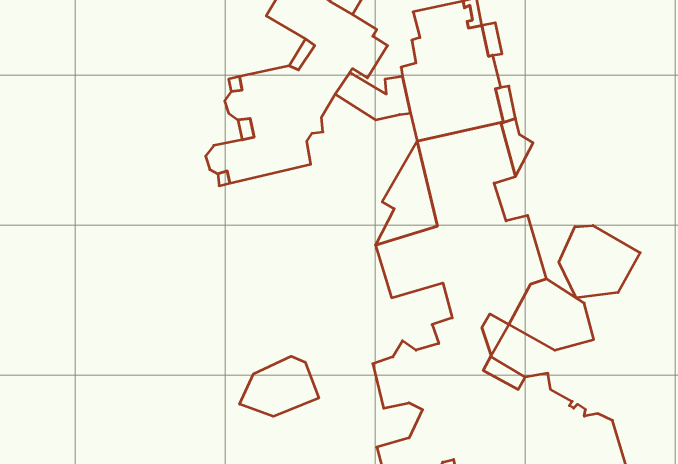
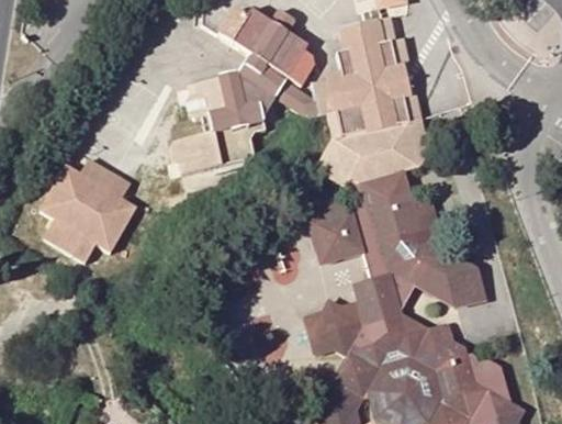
building: none -> [42,159,140,258]
building: [559,225,640,298] -> none
building: [240,356,319,416] -> none

